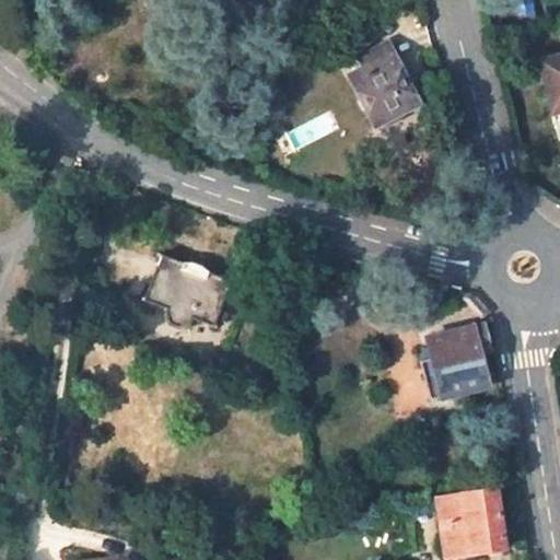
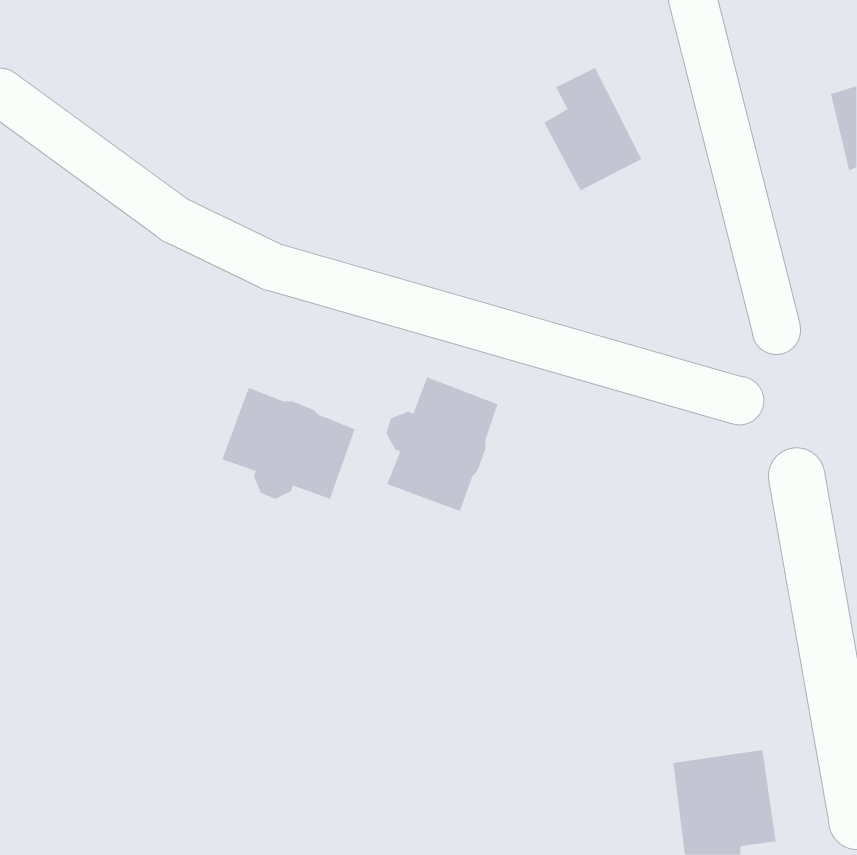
building: none -> [386,376,498,512]
building: [424,323,492,398] -> none

